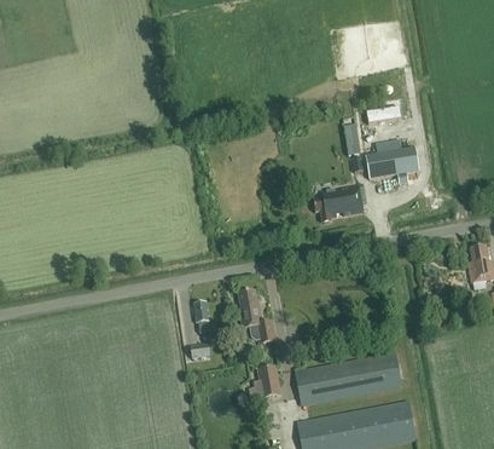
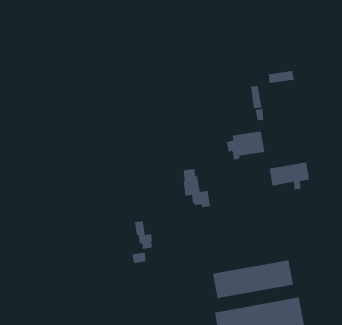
building: [365,148,418,184] -> [269,162,310,190]
building: [239,292,275,342] -> [183,168,211,207]
building: [258,365,281,398] -> none

